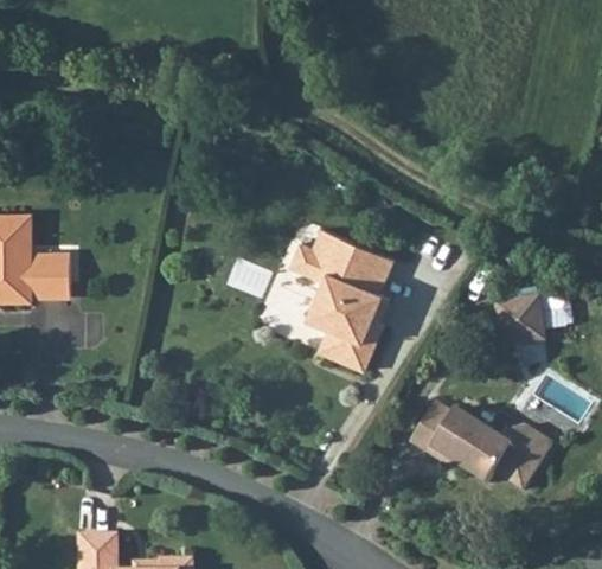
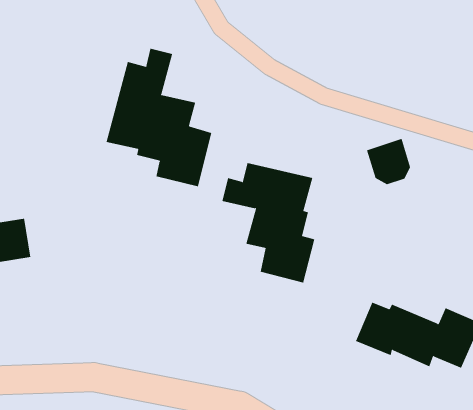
building: none -> [106,48,212,187]
building: [499,299,545,347] -> [366,138,411,185]

